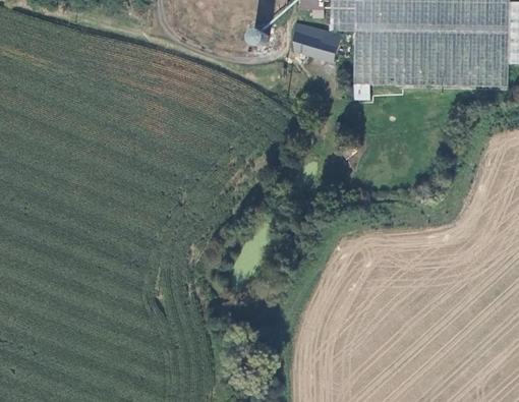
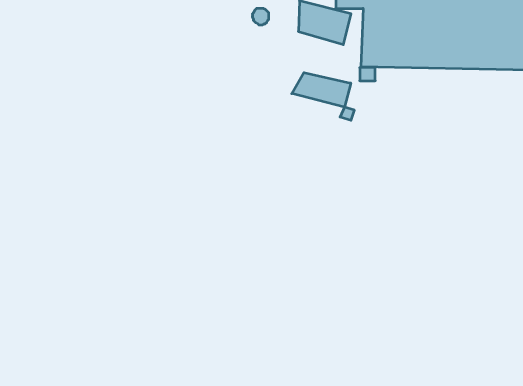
building: none -> [292,73,351,107]

